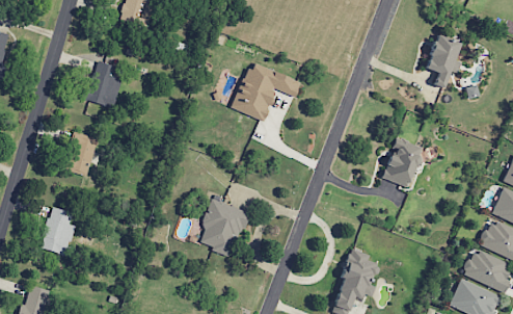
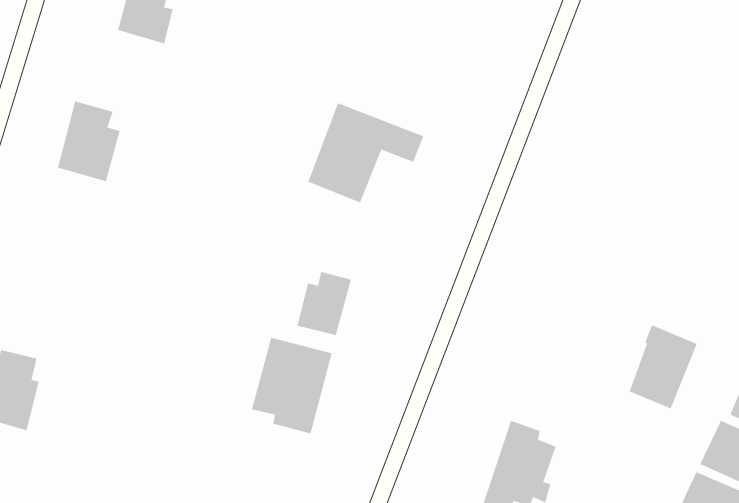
building: [426,34,462,87] -> none
building: [64,132,97,176] -> none
building: [383,137,424,187] -> [629,325,697,409]
building: none -> [297,271,352,336]

